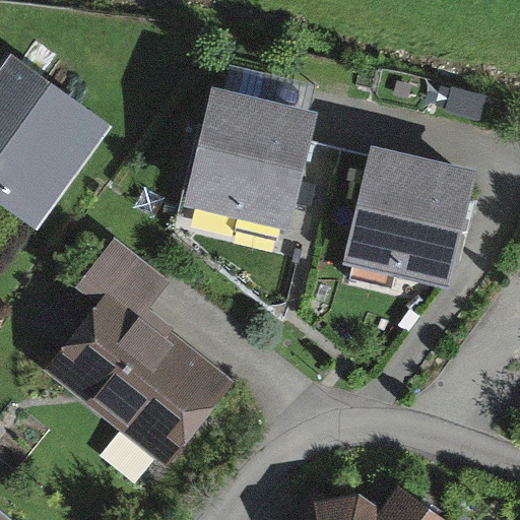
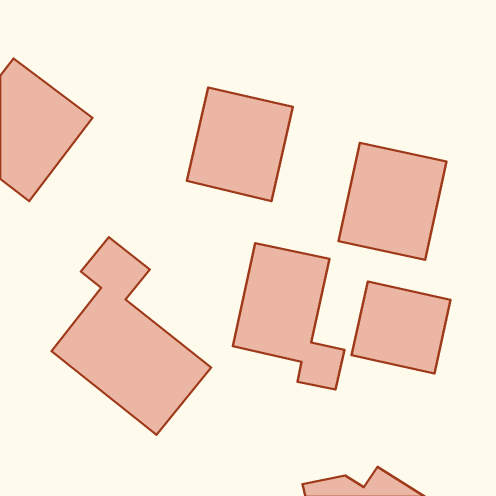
building: none -> [233,243,344,390]
building: none -> [352,281,451,374]

